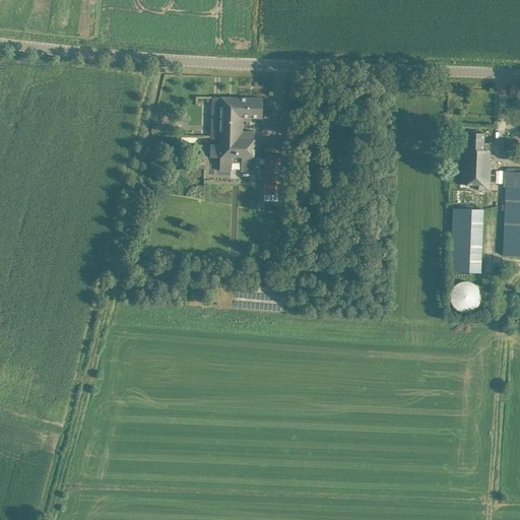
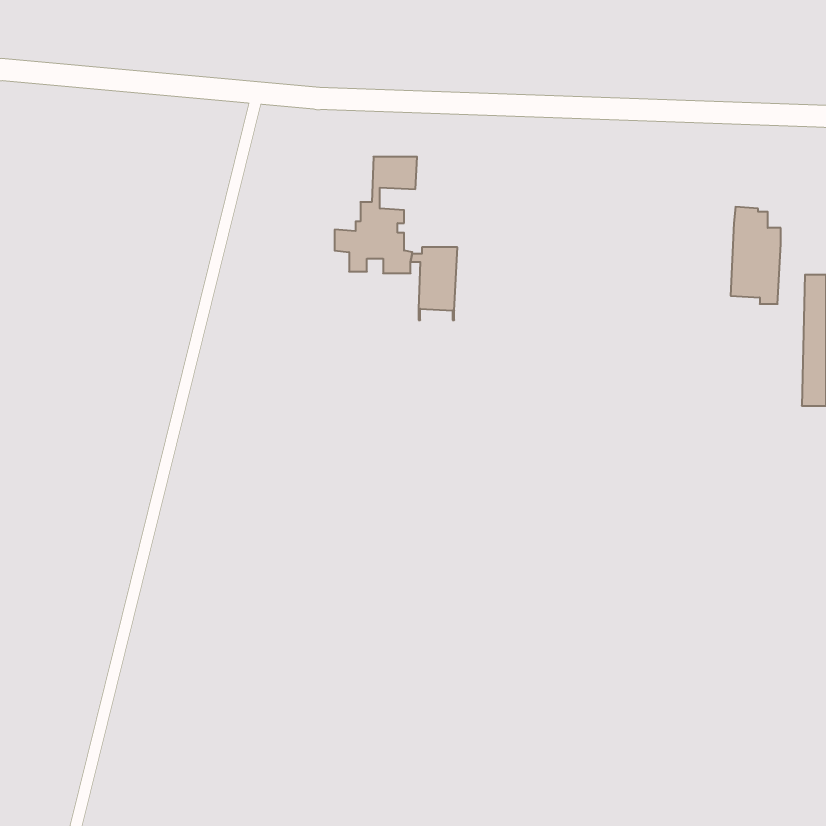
building: [210,98,235,139] -> none
building: [450,208,482,273] -> none
building: [451,281,480,312] -> none

